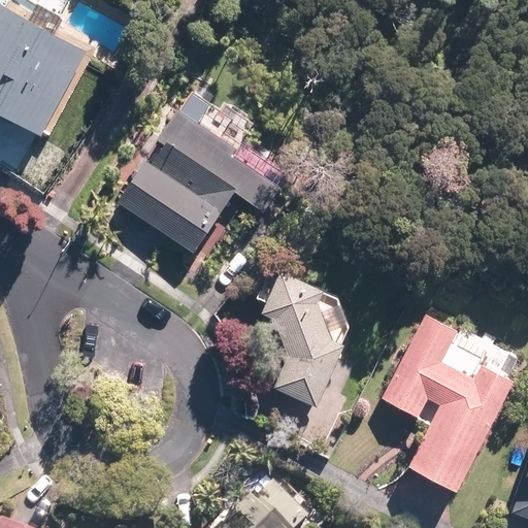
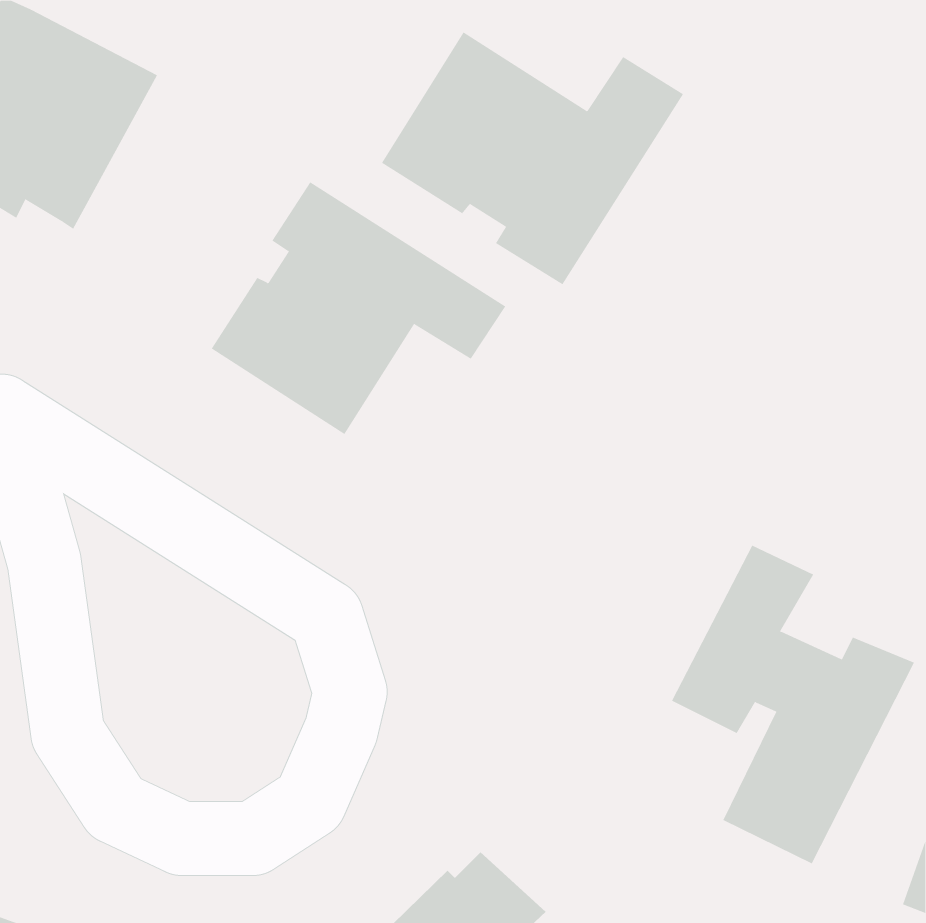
building: none -> [381,32,684,285]
building: [262,271,349,403] -> none

